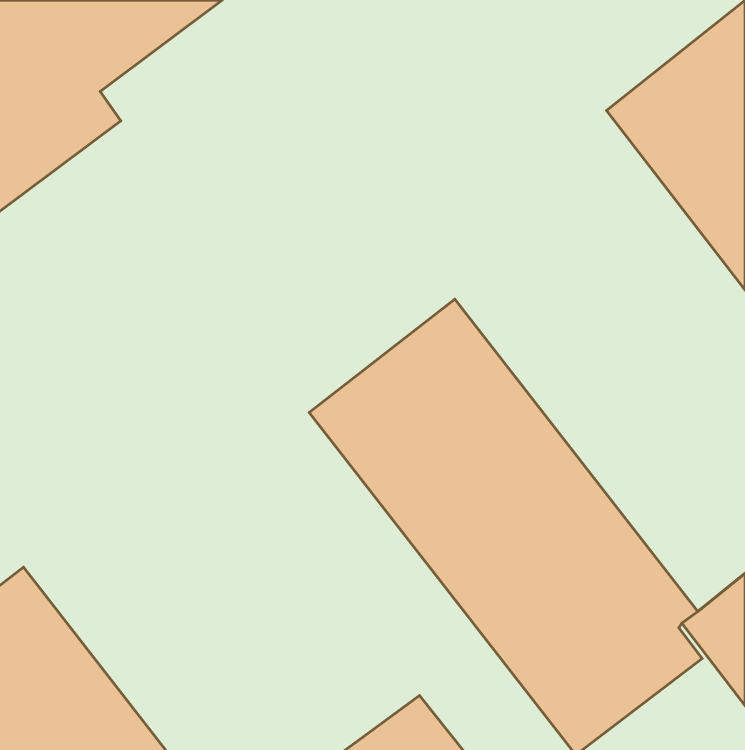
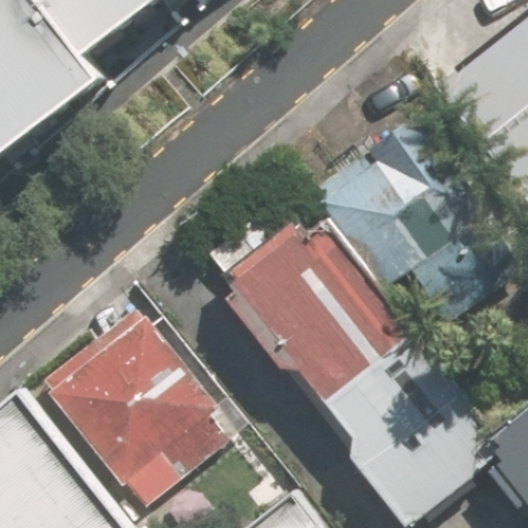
building: none -> [322,123,517,322]
building: none -> [40,307,236,485]

